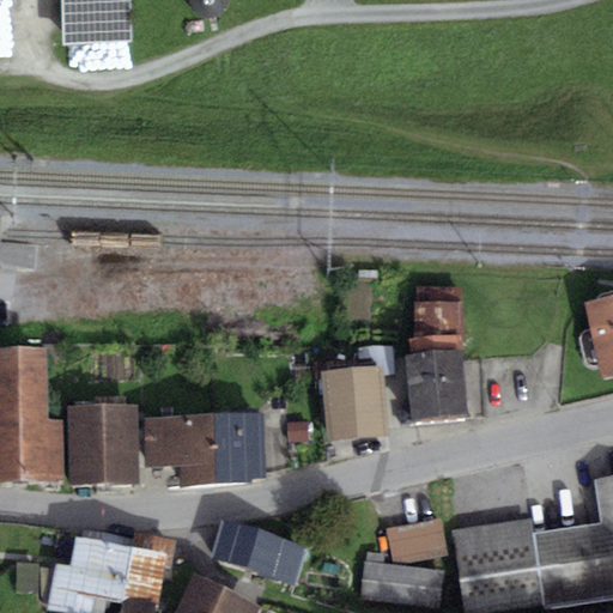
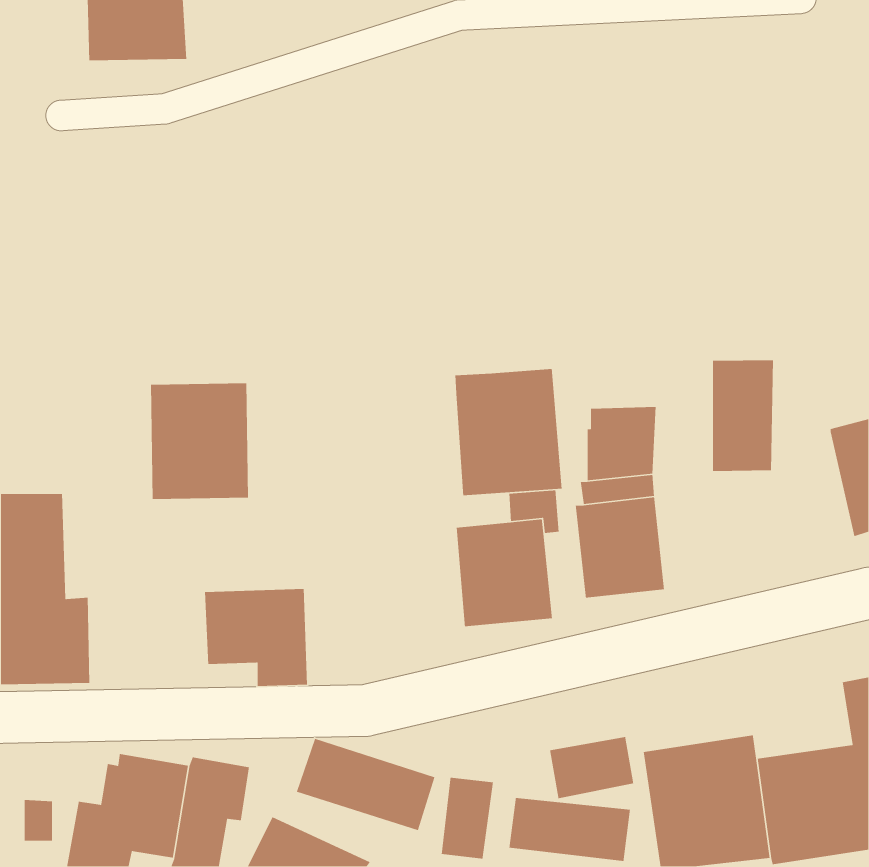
building: none -> [712,360,774,472]
building: none -> [454,368,563,496]
building: [69,403,139,486] -> [150,382,249,500]
building: [214,412,265,482] -> none
building: none -> [441,777,494,860]

